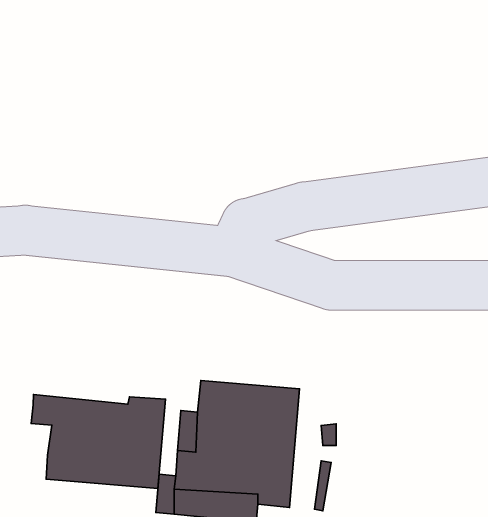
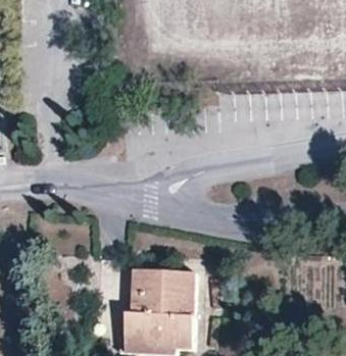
building: [31,395,165,489] -> none

